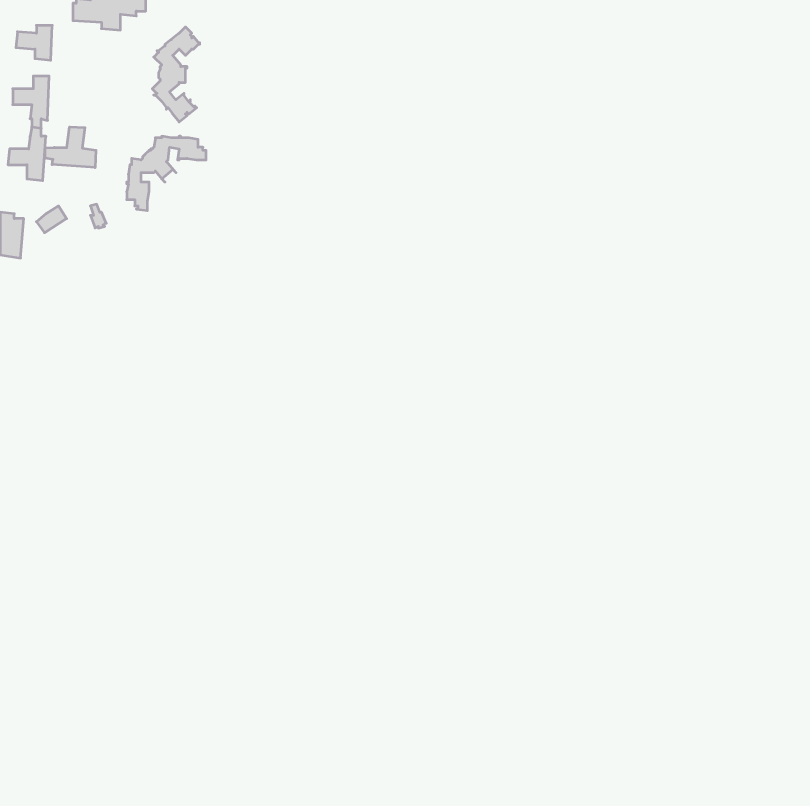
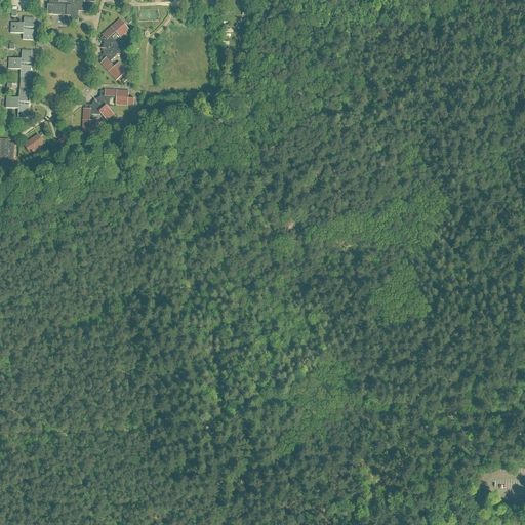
building: [45,127,96,168] -> none

